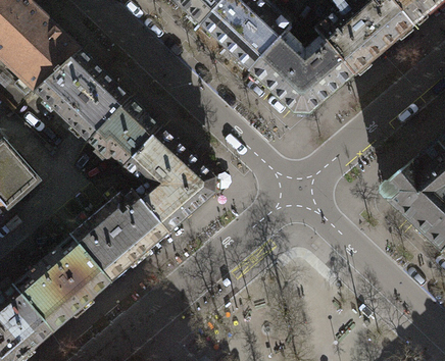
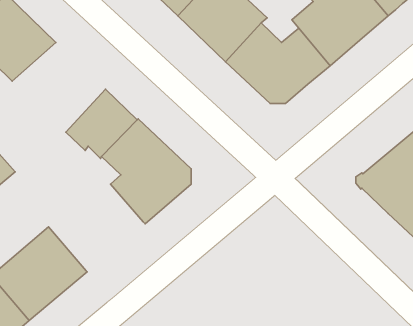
building: [36,50,130,140] -> none
building: [71,190,167,278] -> none

